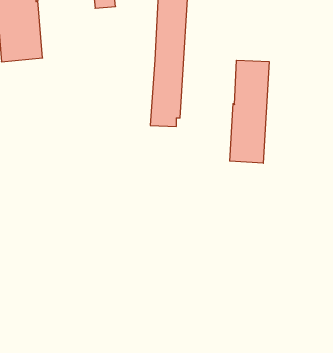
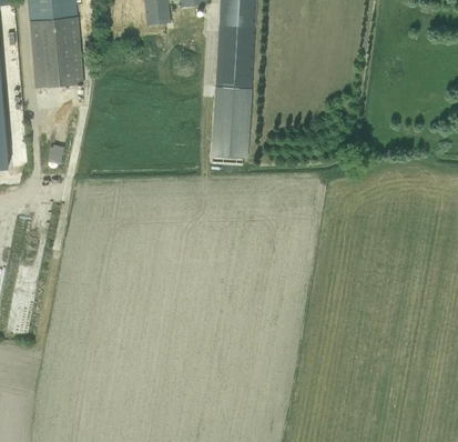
building: [230,60,269,163] -> none

